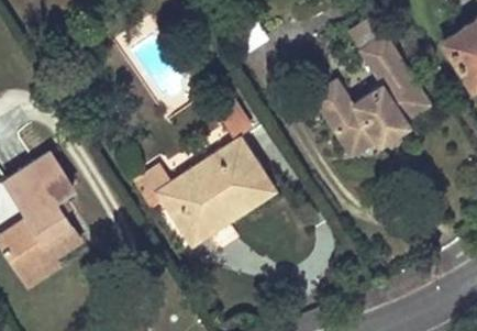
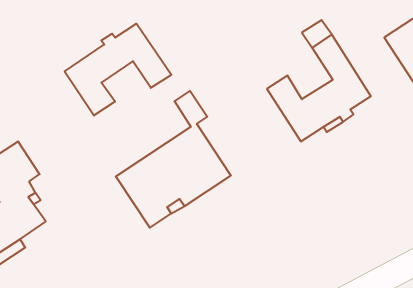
building: none -> [65,24,171,116]

